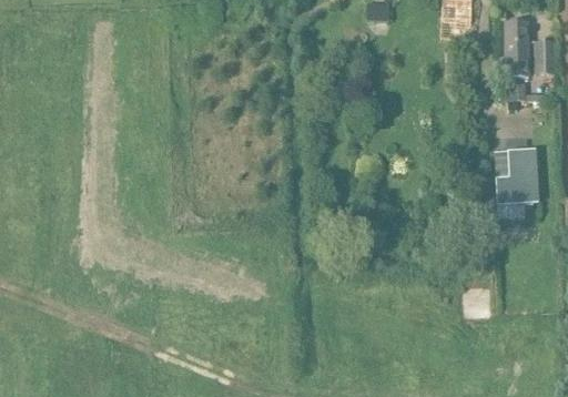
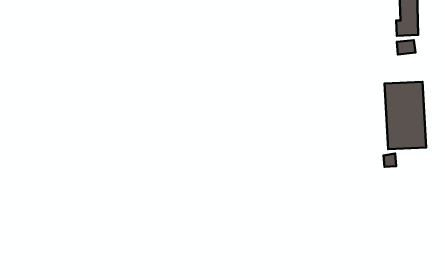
building: [535,41,556,74] -> none

